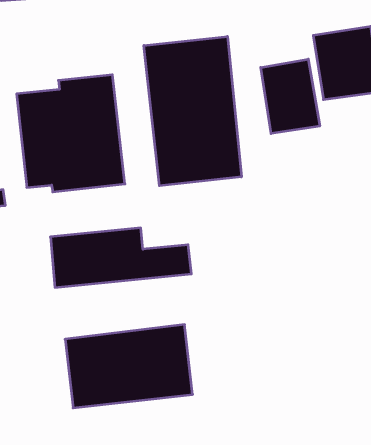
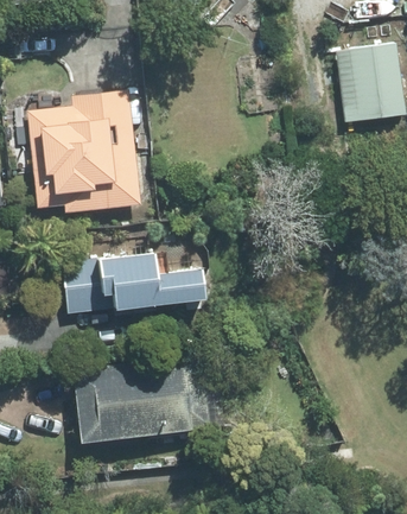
building: [144,36,241,186] -> none
building: [261,59,320,134] -> none

